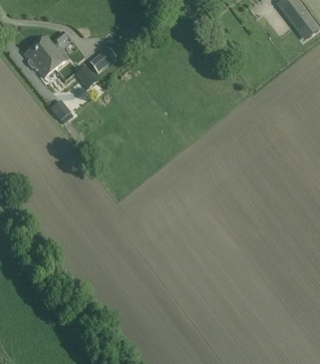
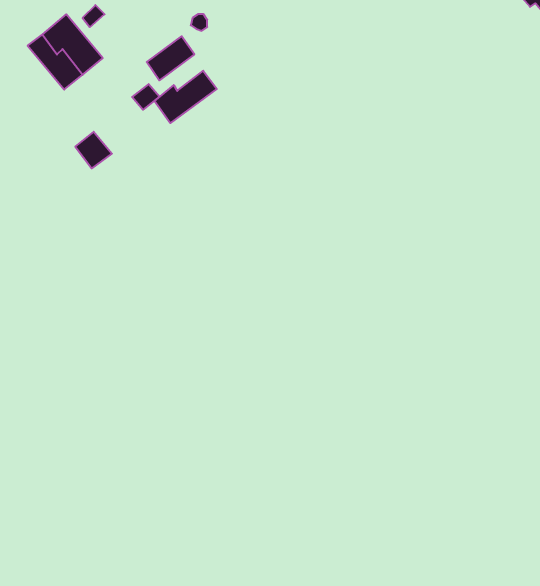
building: none -> [154,71,217,123]

